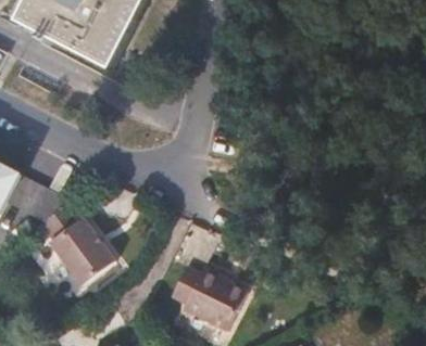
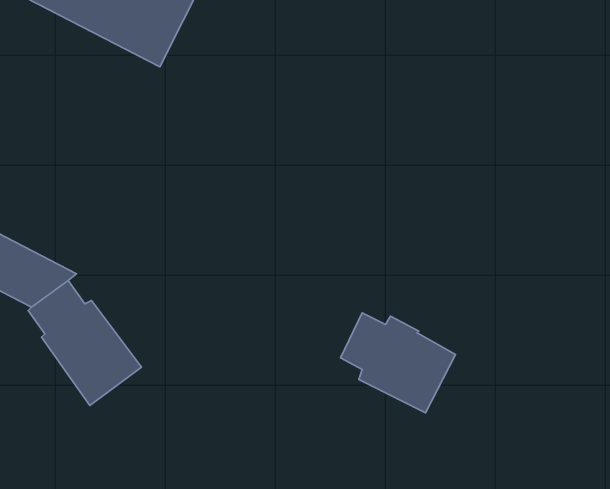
building: [170,266,245,331] -> [341,313,456,413]

